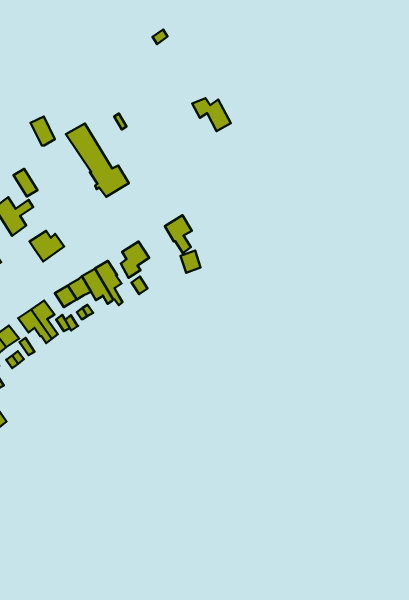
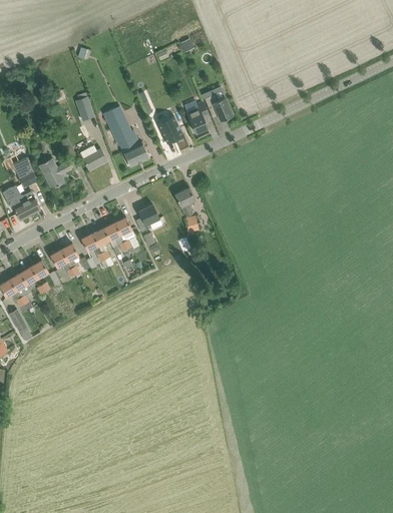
building: none -> [185,102,208,133]
building: none -> [157,118,182,145]
building: [30,231,64,261] -> [79,145,106,169]

